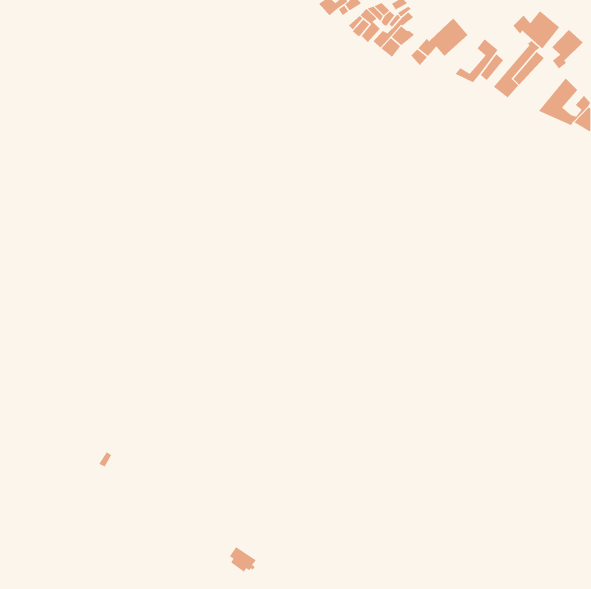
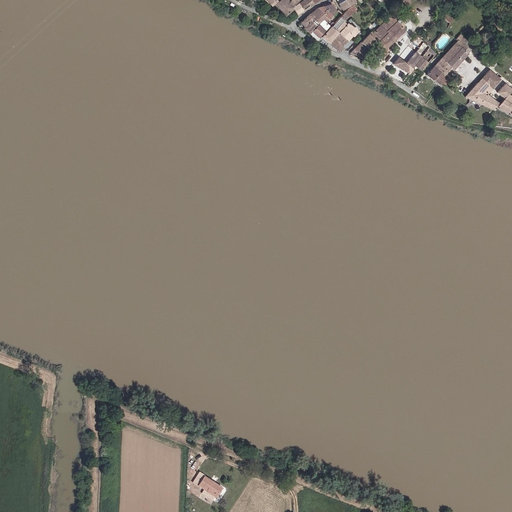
building: [512,10,560,50] -> none
building: [551,29,584,69] -> none

